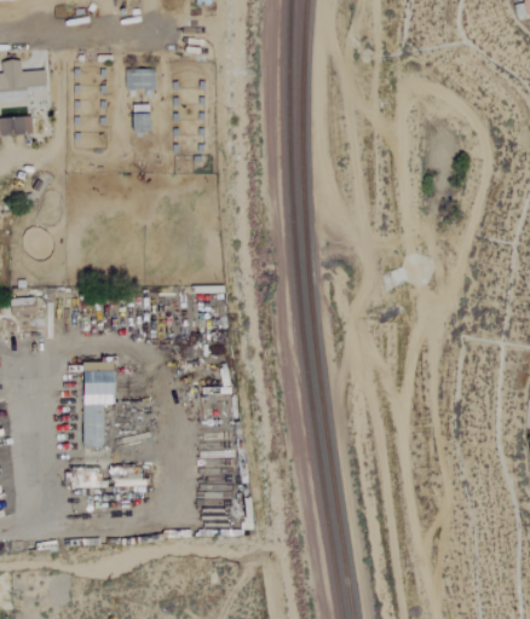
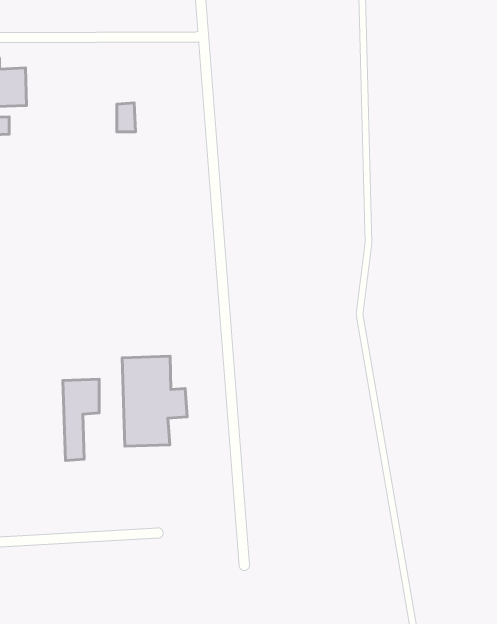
building: [126,68,157,89] -> none
building: none -> [122,356,187,446]

